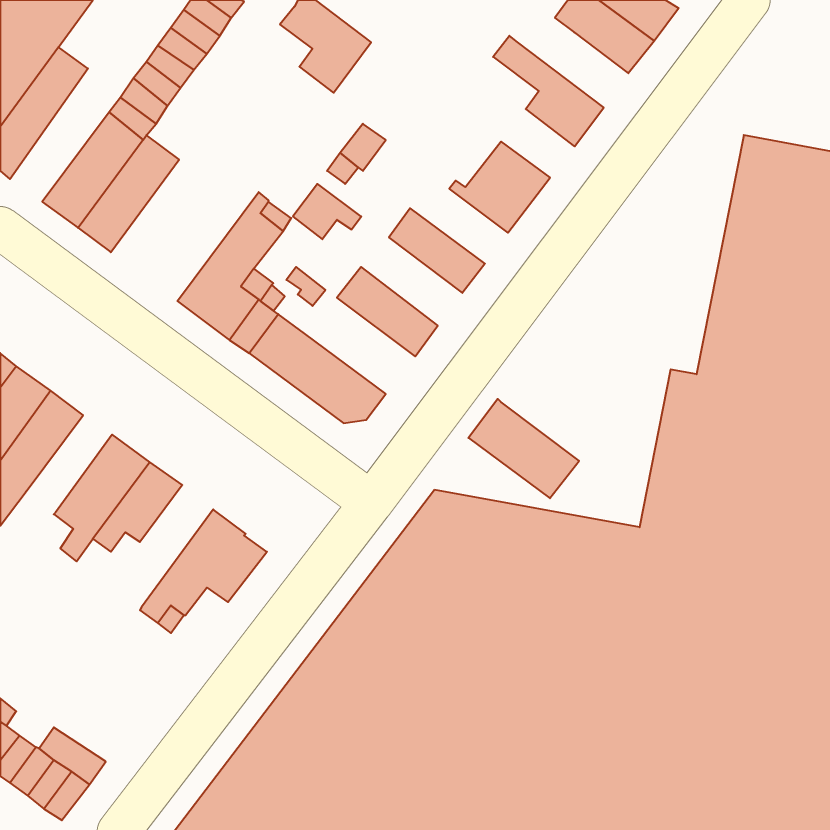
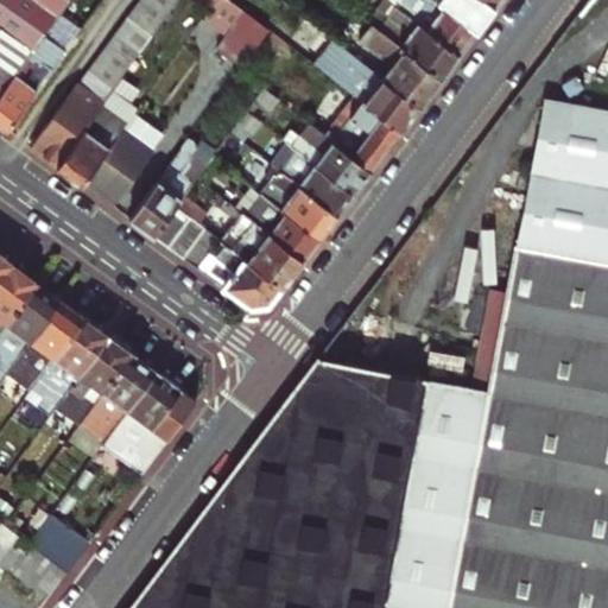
building: none -> [379,25,460,80]
building: none -> [322,43,420,131]
building: none -> [82,114,164,207]
building: none -> [296,127,372,194]
building: none -> [265,170,338,239]
building: [468,399,579,498] -> [223,216,304,289]
building: none -> [20,304,83,375]
building: none -> [81,355,157,444]

